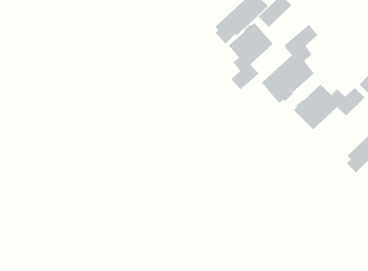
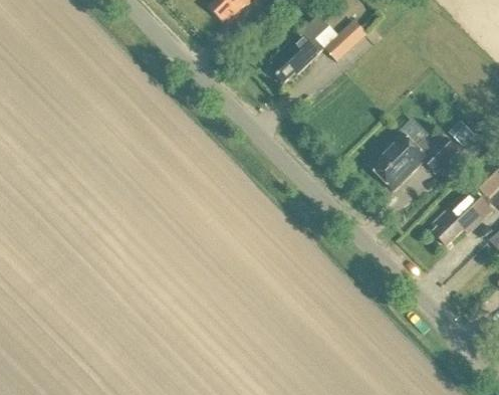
building: [228,22,273,90] -> none
building: [261,24,318,104] -> none

